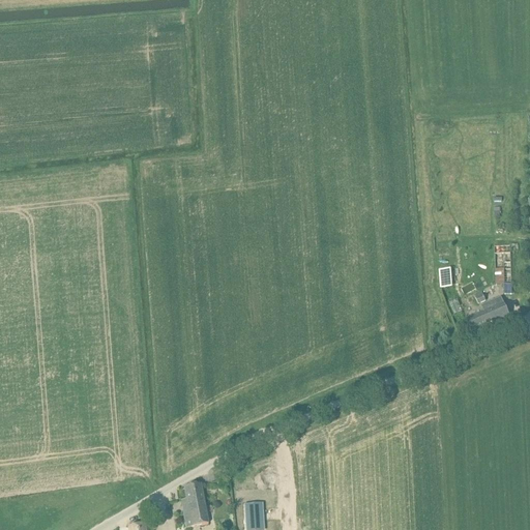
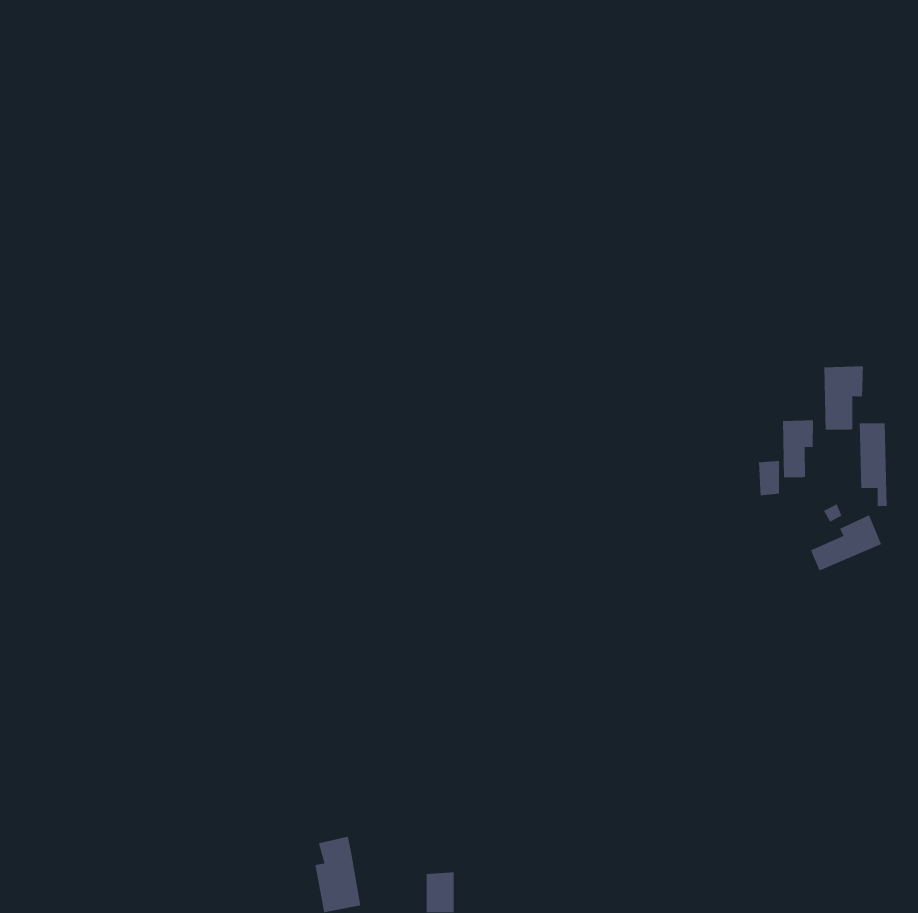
building: none -> [823,366,864,431]
building: none -> [782,419,814,478]

